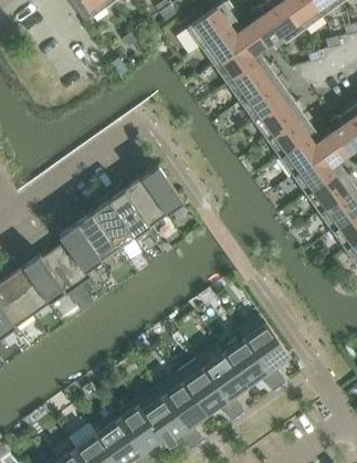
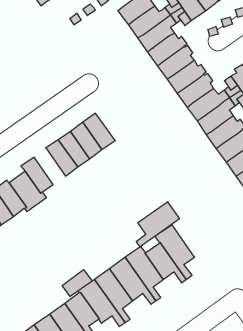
building: [75,212,117,261] -> none
building: none -> [136,202,179,247]
building: none -> [62,270,92,297]

